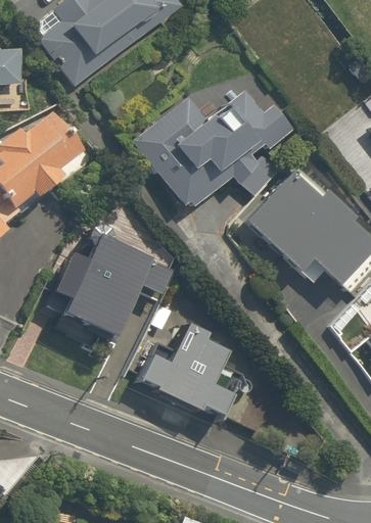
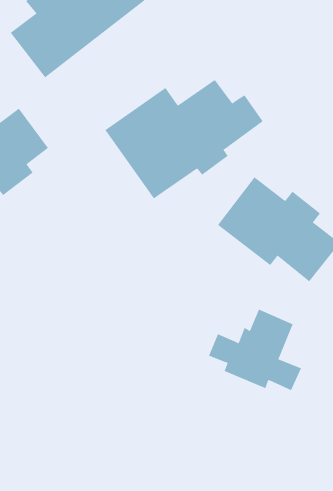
building: [52,234,172,338] -> none
building: [140,333,233,415] -> [208,309,302,391]

